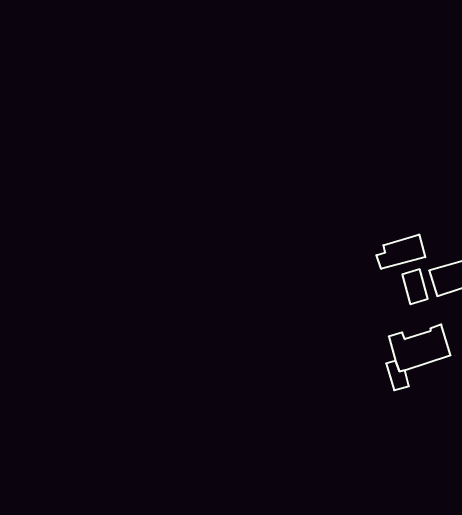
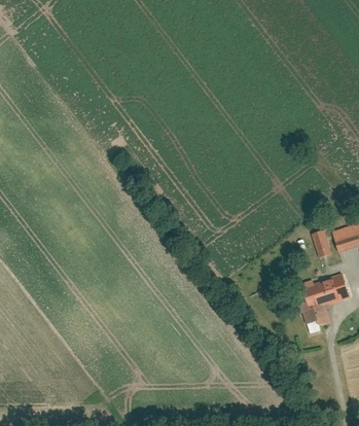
building: [376,234,425,269] -> none

